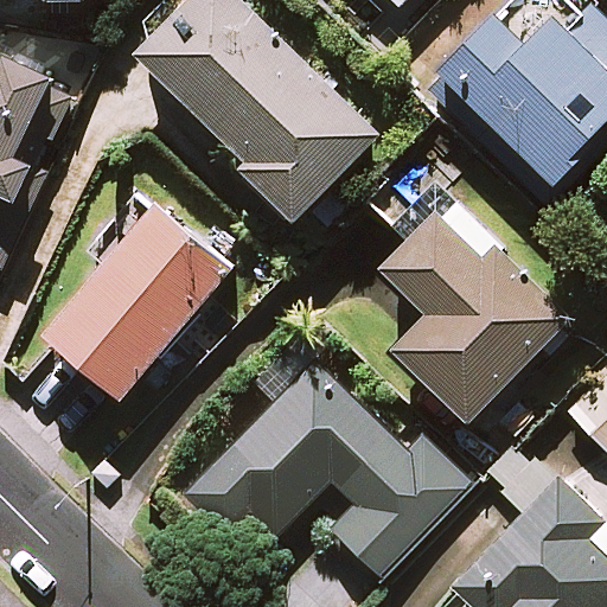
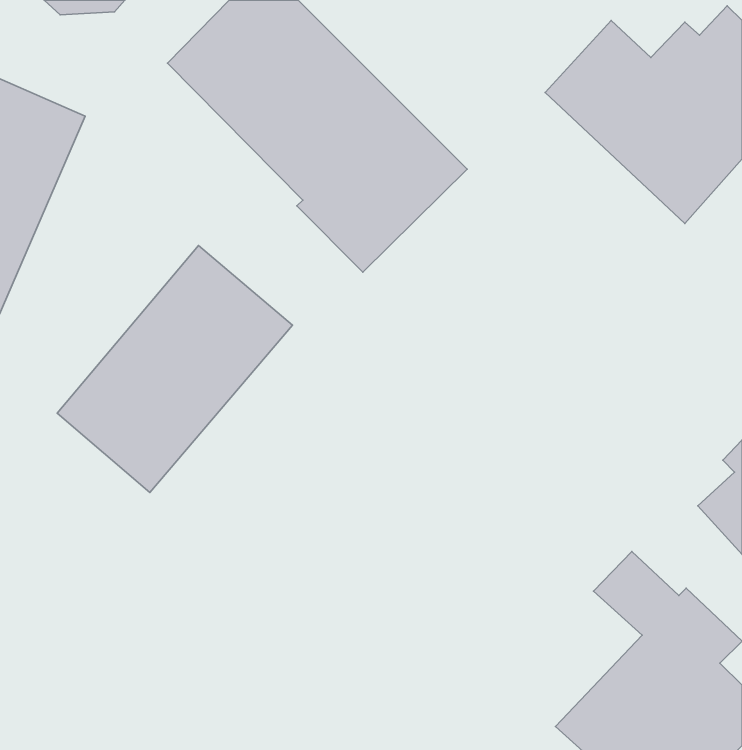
building: [364,160,563,418] -> none
building: [189,360,469,576] -> none

